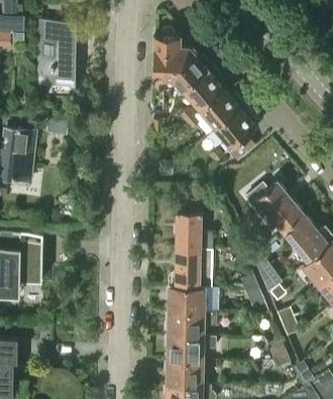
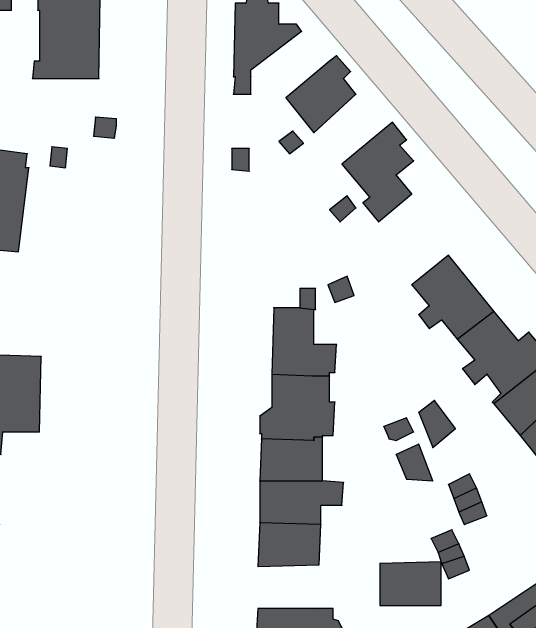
building: [163,52,209,91] -> none
building: [200,89,245,129] -> none
building: [168,360,203,385] -> [380,562,441,605]

